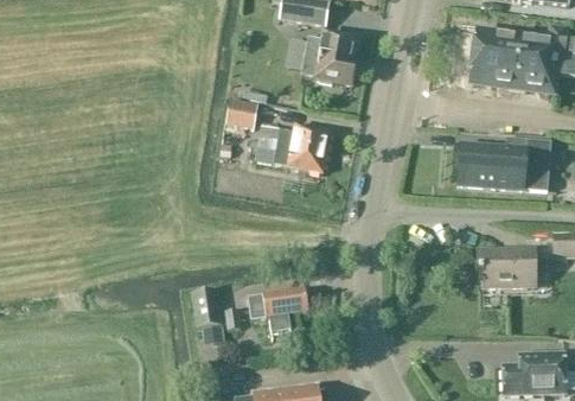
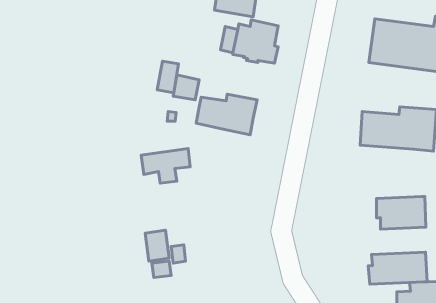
building: none -> [157,61,178,93]
building: [247,288,307,331] -> [141,148,190,183]
building: none -> [368,252,427,284]

